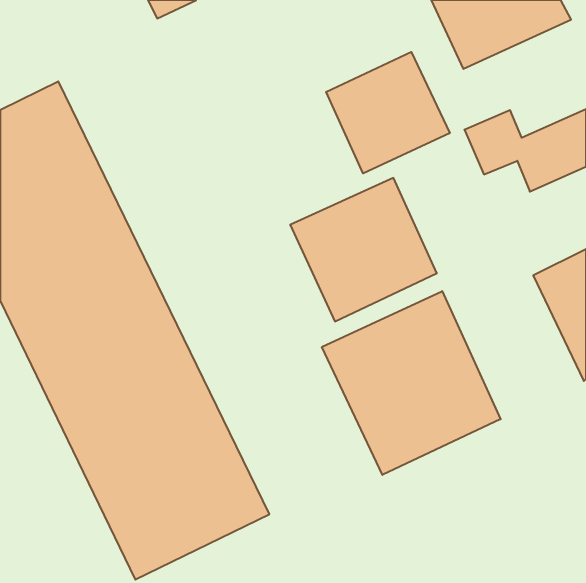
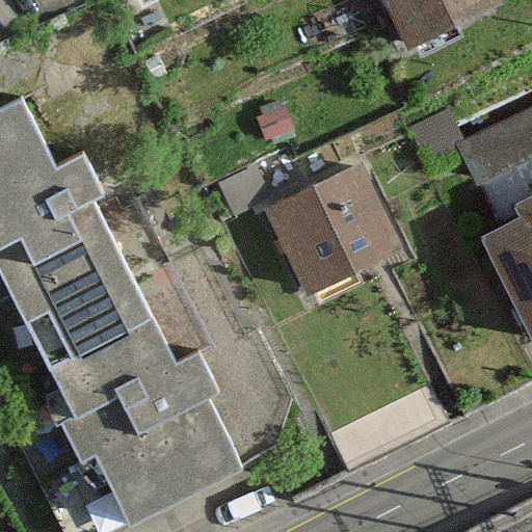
building: [326,52,450,173] -> none
building: [322,291,501,475] -> none

